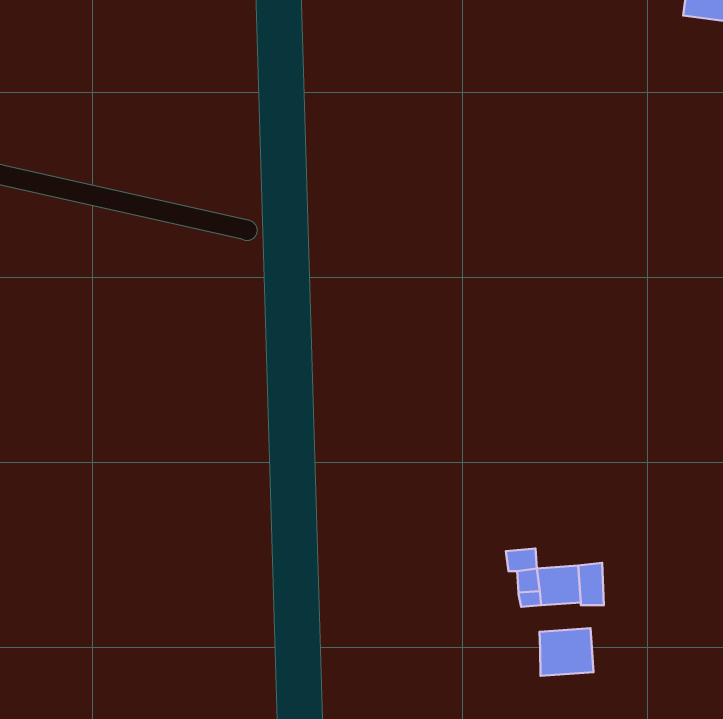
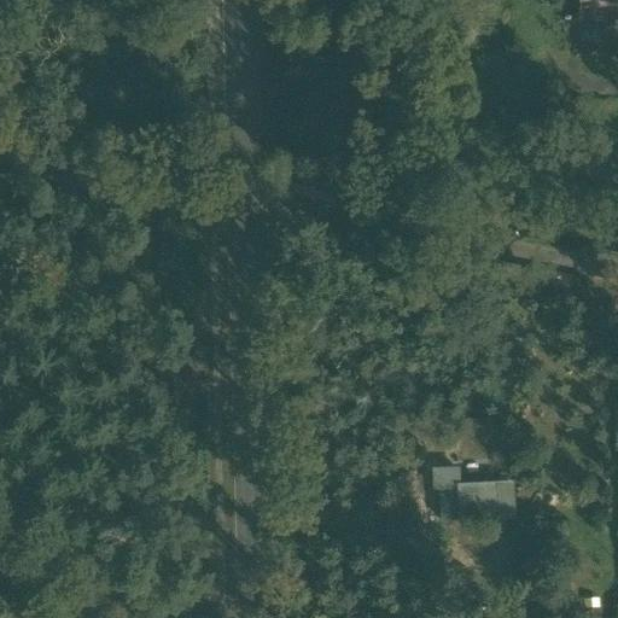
building: [539,628,593,676] -> none

